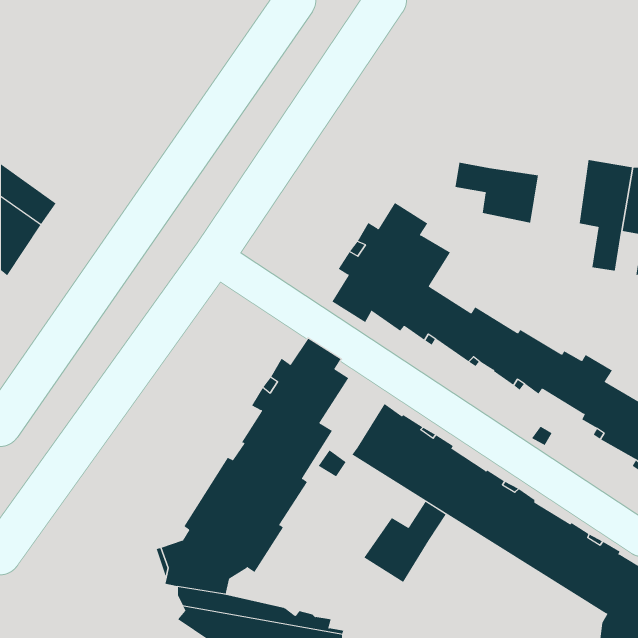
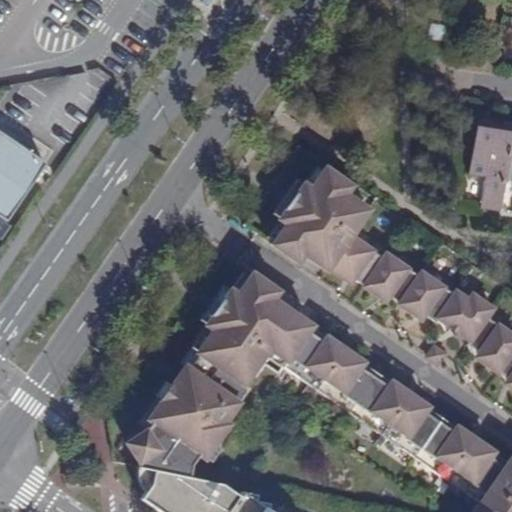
building: [455,162,539,223] -> none
building: none -> [258,304,310,359]
building: [364,501,446,583] -> none

